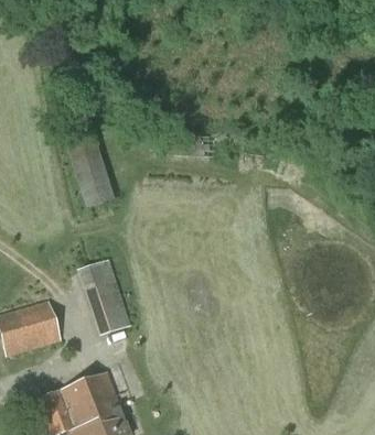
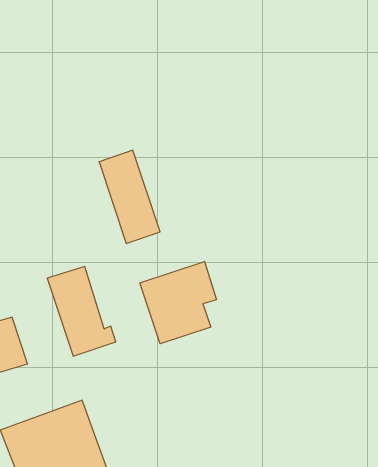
building: [62,128,114,207] -> [99,150,160,243]
building: none -> [140,261,216,344]

